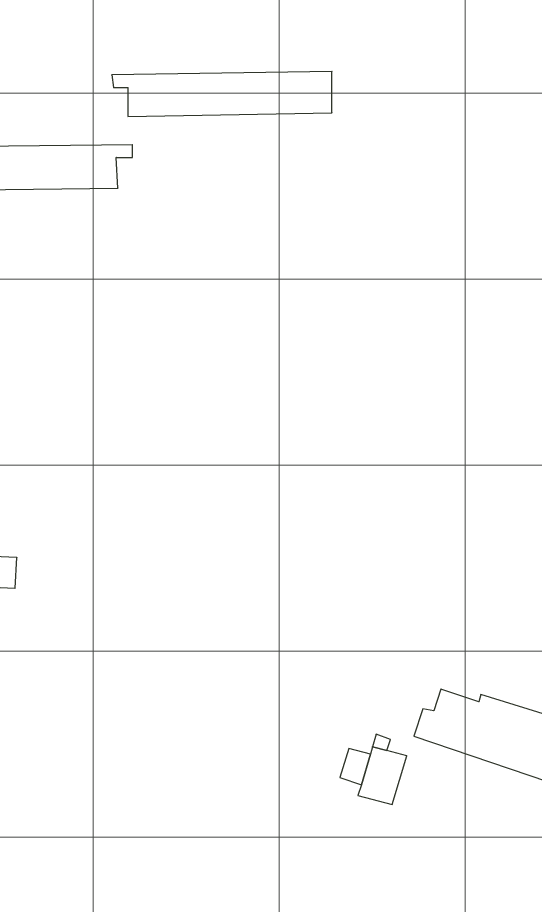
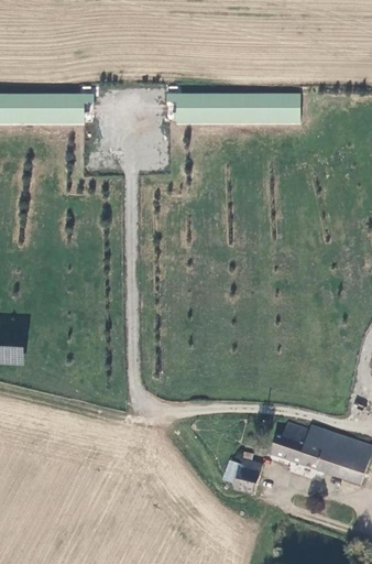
building: [112,71,332,116] -> [171,93,305,120]

